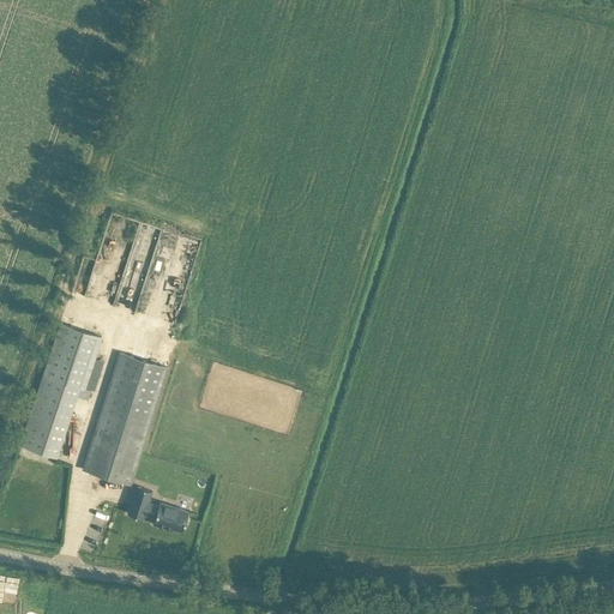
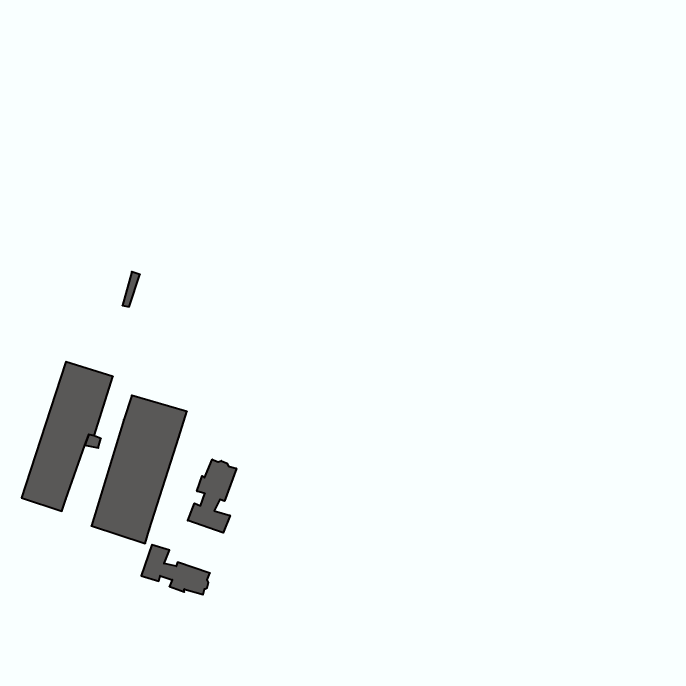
building: none -> [188,459,236,533]

